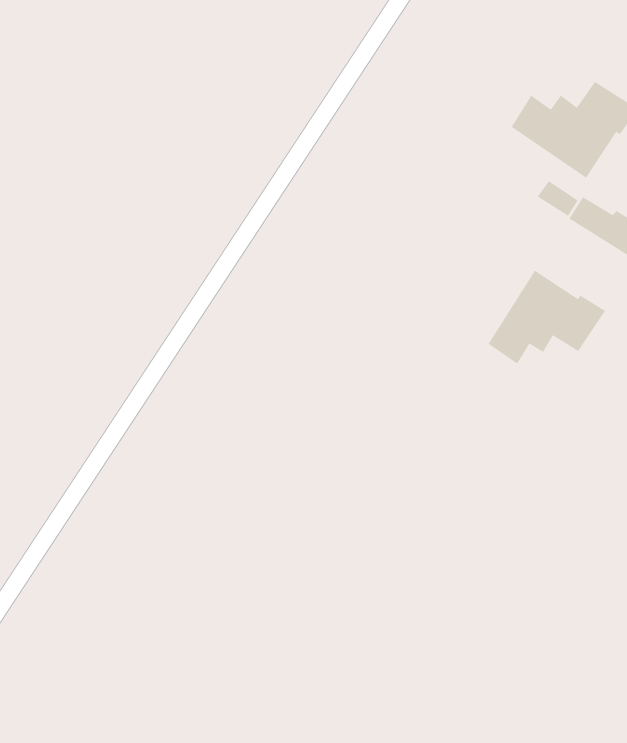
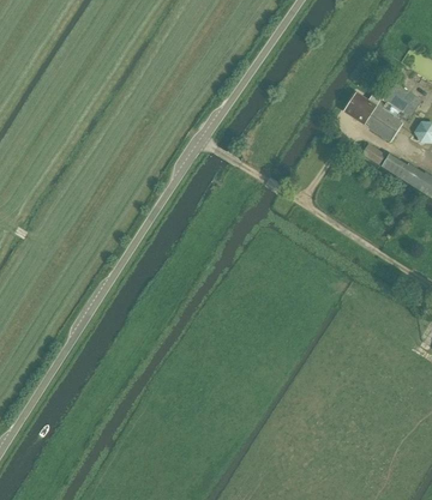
building: [488,270,606,364] -> none

